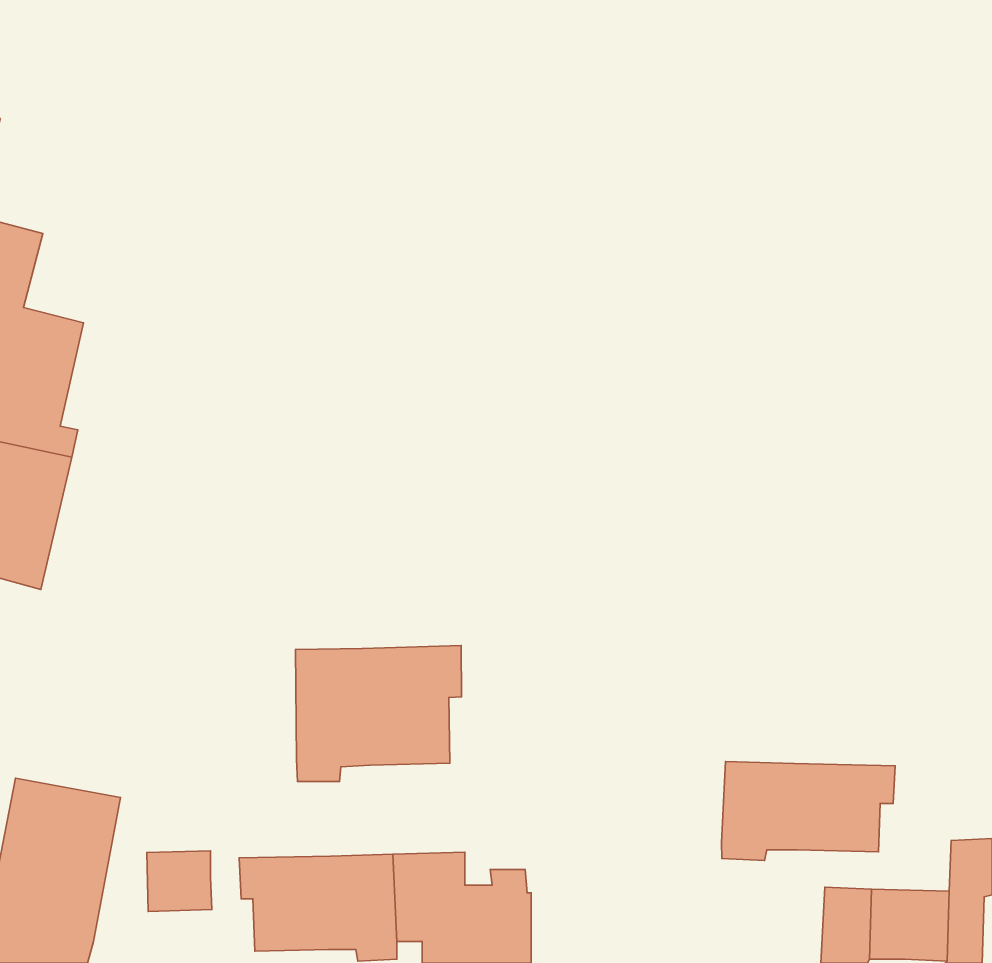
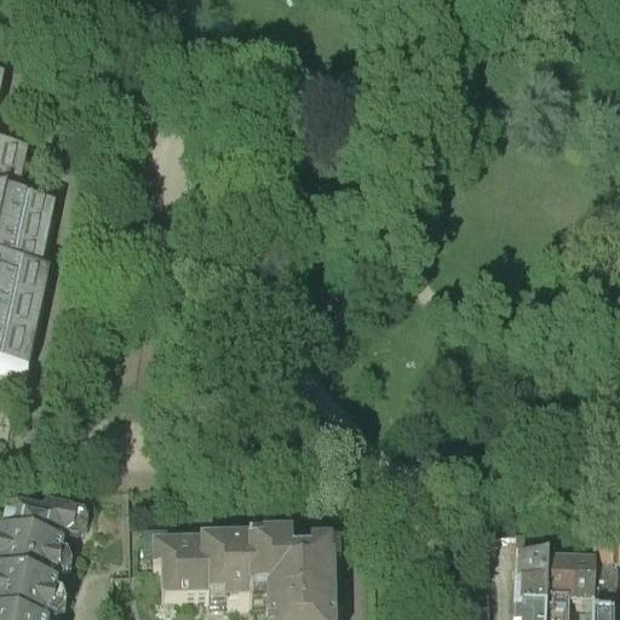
building: [295,645,461,782] -> none
building: [722,762,895,860] -> none
building: [147,851,212,911] -> none

